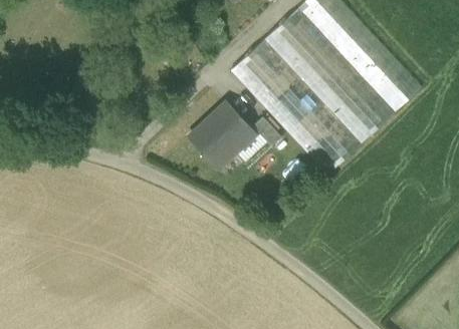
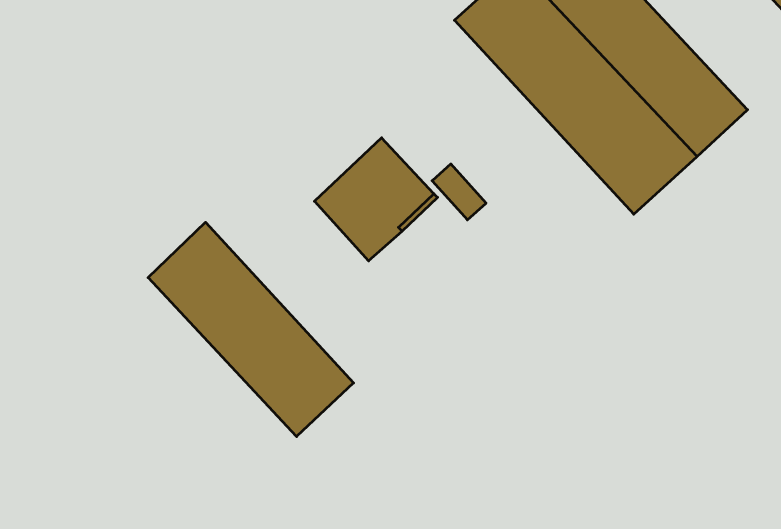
building: [231,38,361,174] -> none
building: none -> [148,222,354,437]

